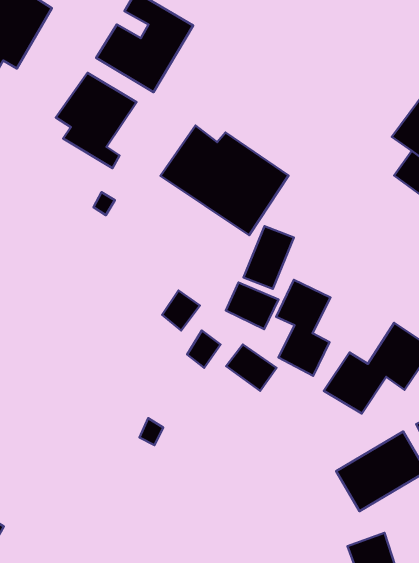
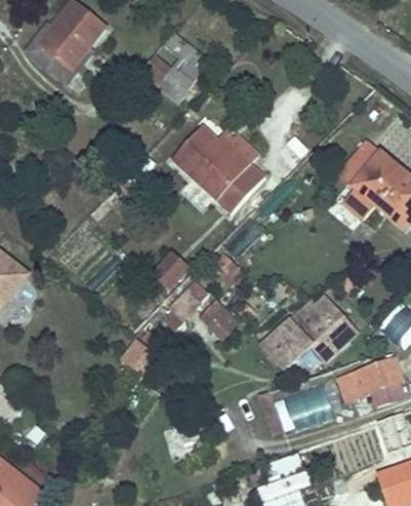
building: [56,73,137,168] -> none
building: [276,280,331,376] -> none

